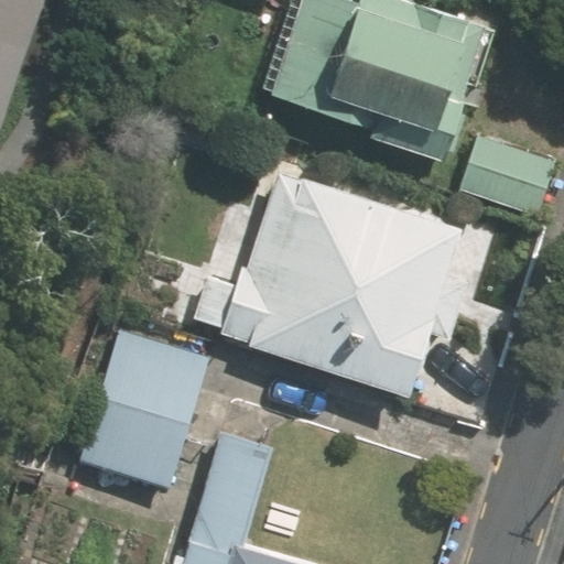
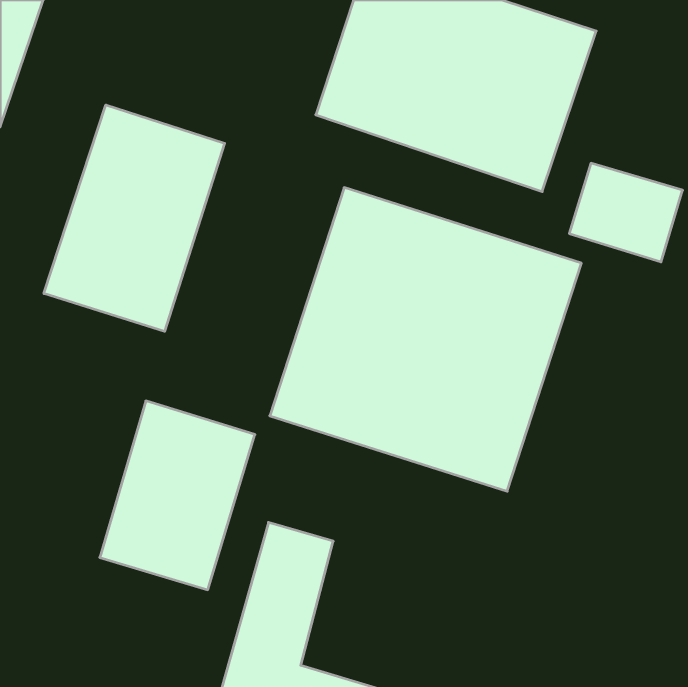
building: none -> [44,105,225,331]

